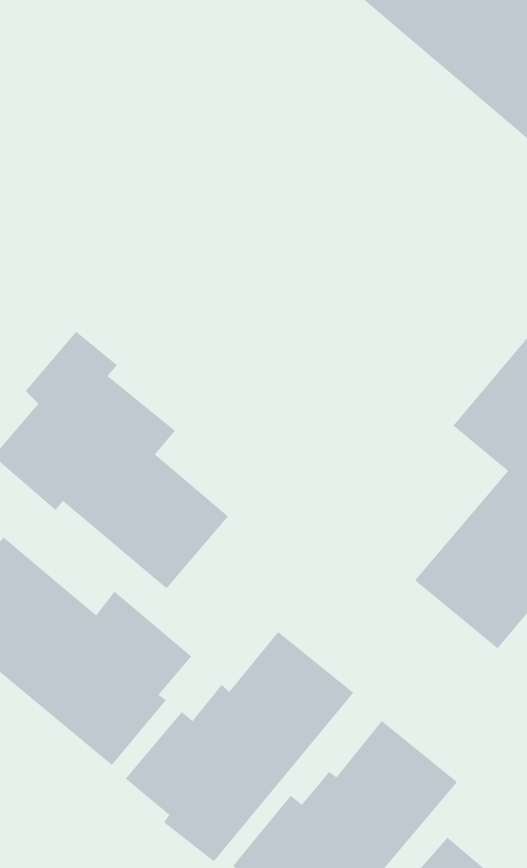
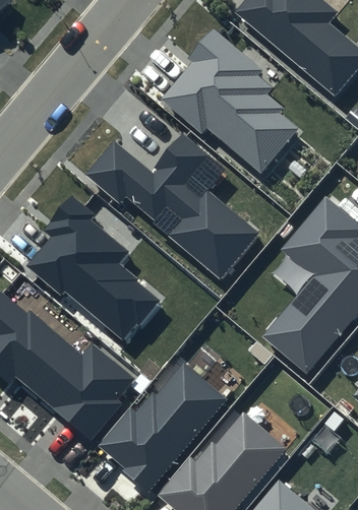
building: none -> [161,28,297,174]
building: none -> [85,131,255,275]

